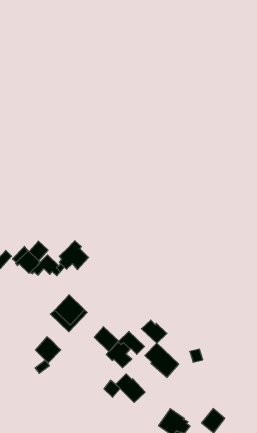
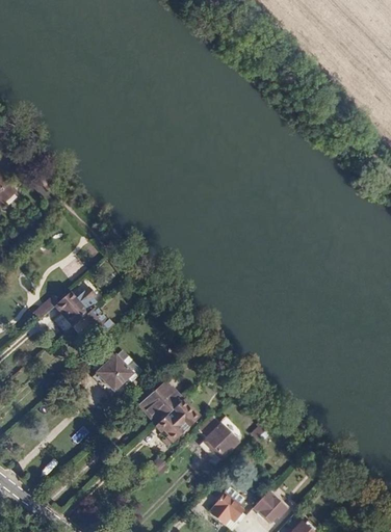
building: [59,241,89,270] -> none
building: [141,320,167,343] -> [153,383,182,410]
building: [35,337,61,363] -> none
building: [116,374,145,402] -> none

